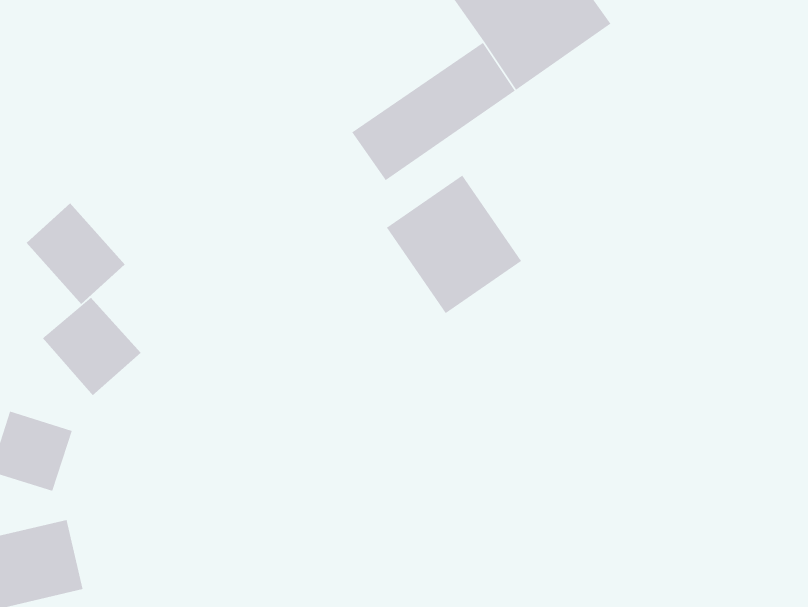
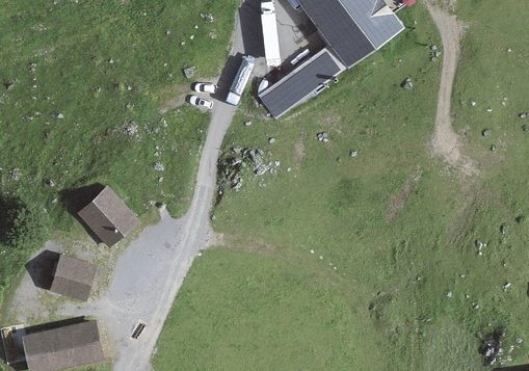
building: [386,175,522,314] -> none
building: [26,202,126,305] -> none

